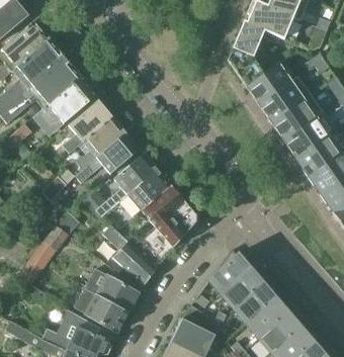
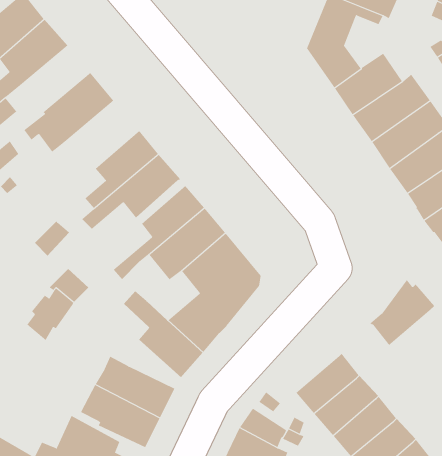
building: [32,58,80,103] -> none
building: [62,98,113,154] -> none
building: [206,249,251,294] -> [370,279,435,346]

